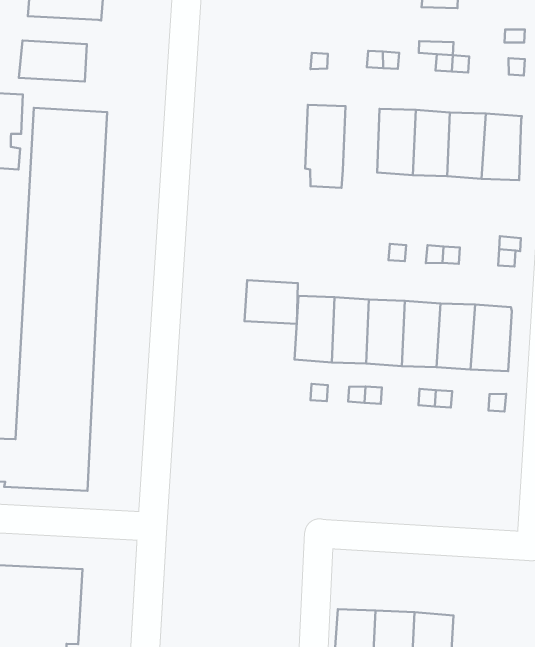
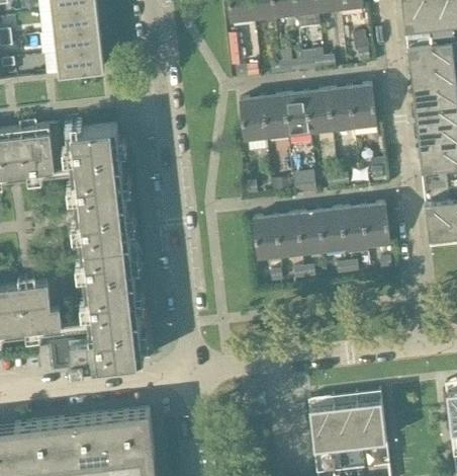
building: [19,40,87,82] -> none
building: none -> [262,96,288,138]
building: [245,280,298,324] -> none

